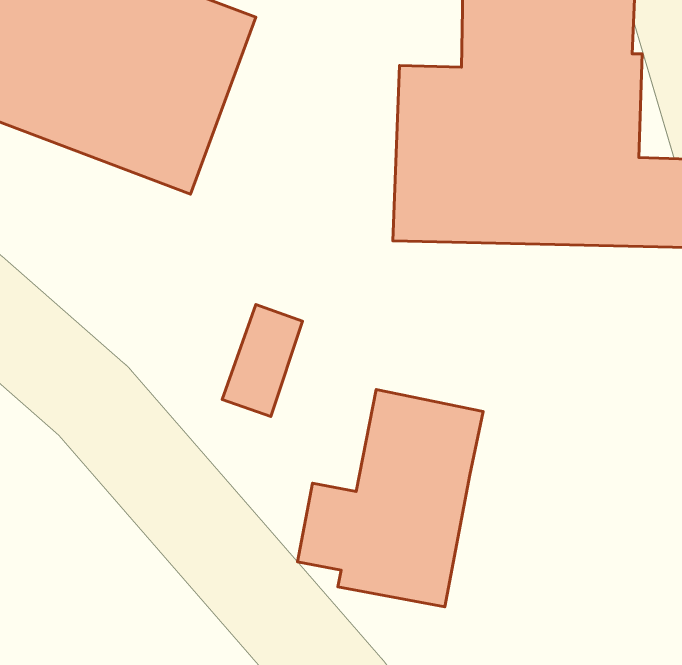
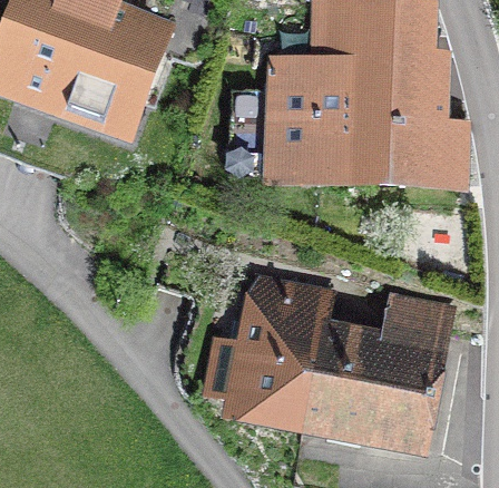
building: none -> [302,292,449,443]

